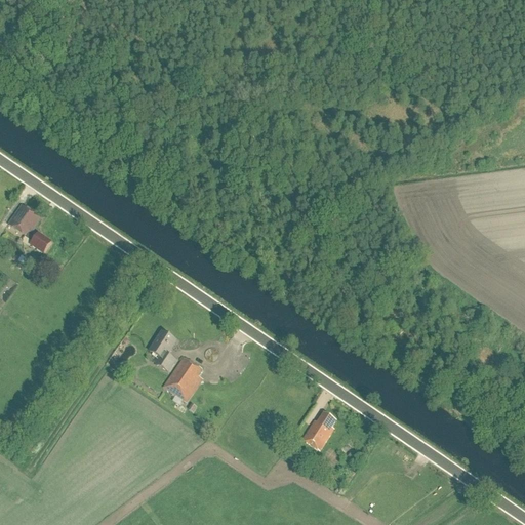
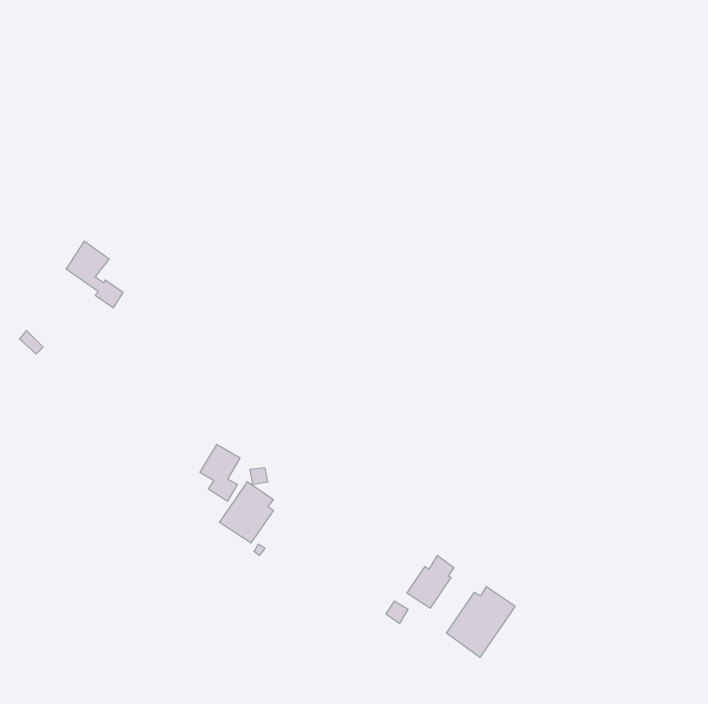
building: [9,203,51,252] -> [66,241,123,308]
building: none -> [447,586,515,657]

